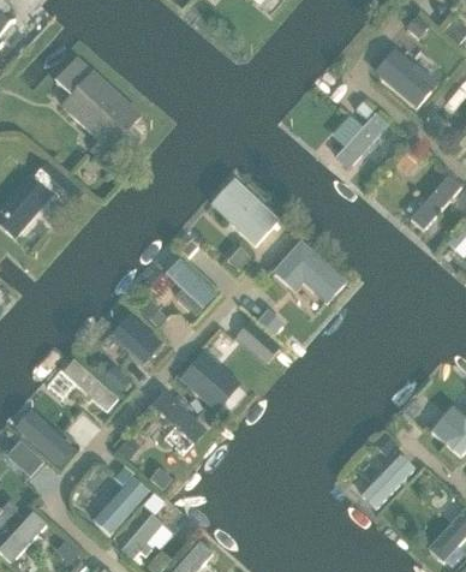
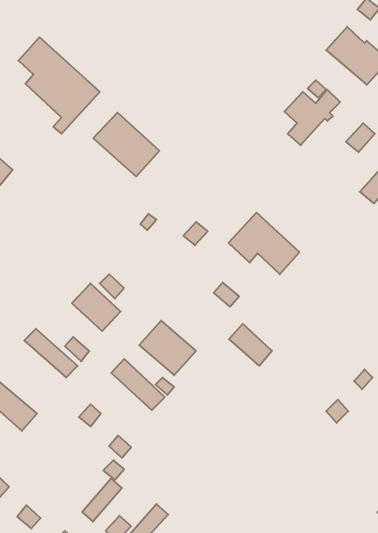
building: [209,178,277,244] -> [93,113,159,176]
building: [165,257,216,314] -> none
building: [235,321,280,364] -> [229,324,272,366]
building: [359,453,414,510] -> none
building: [92,476,148,534] -> none

